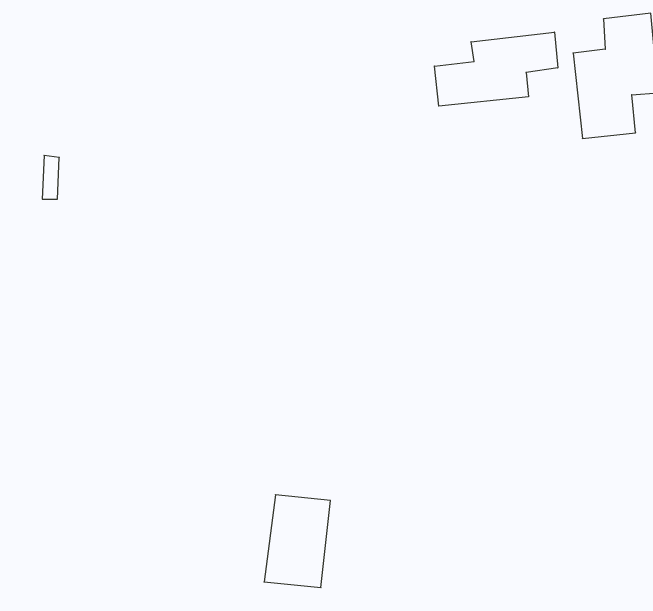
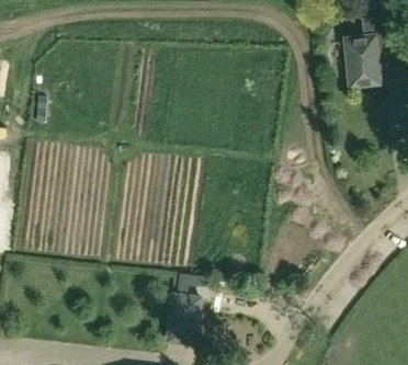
building: [434,32,558,106] -> none

